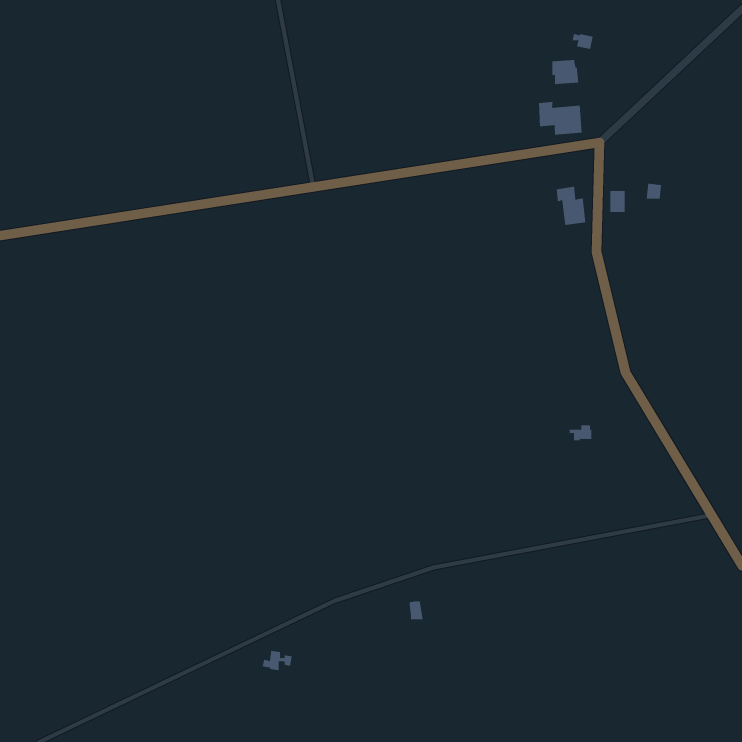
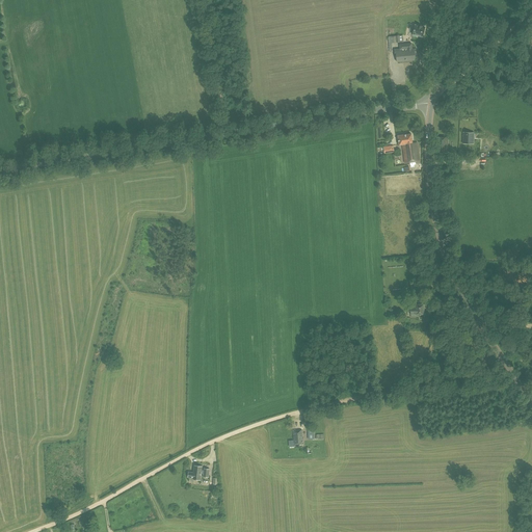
building: [539,101,582,136] -> none

